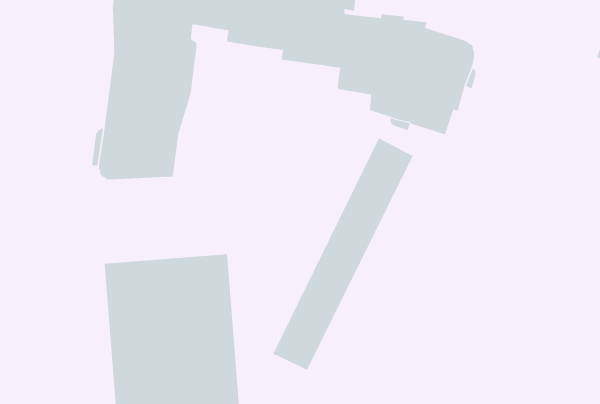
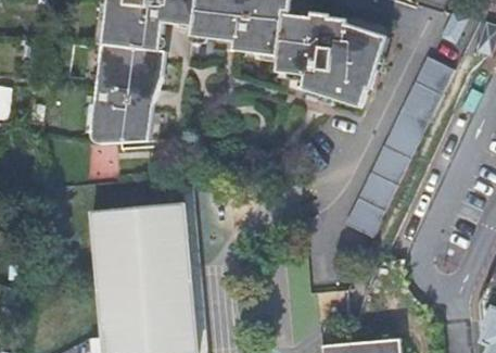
building: [273,138,414,371] -> [343,58,453,239]

